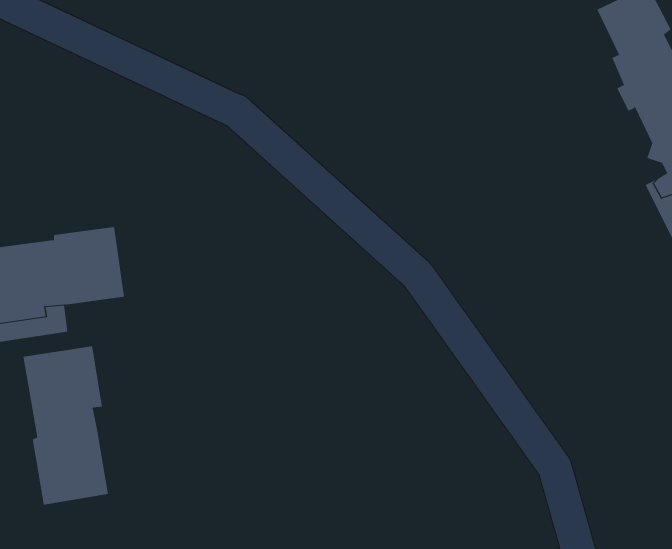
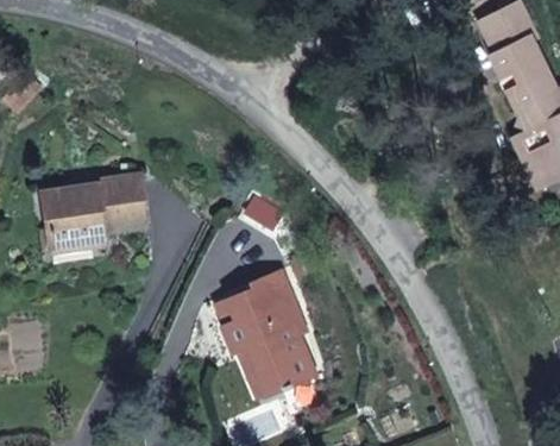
building: [23,346,108,505] -> none
building: none -> [224,272,314,392]

